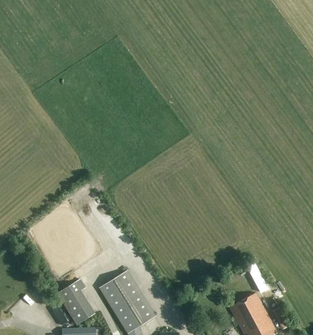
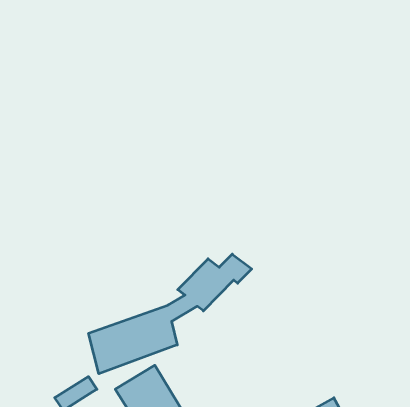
building: none -> [89,254,252,374]

